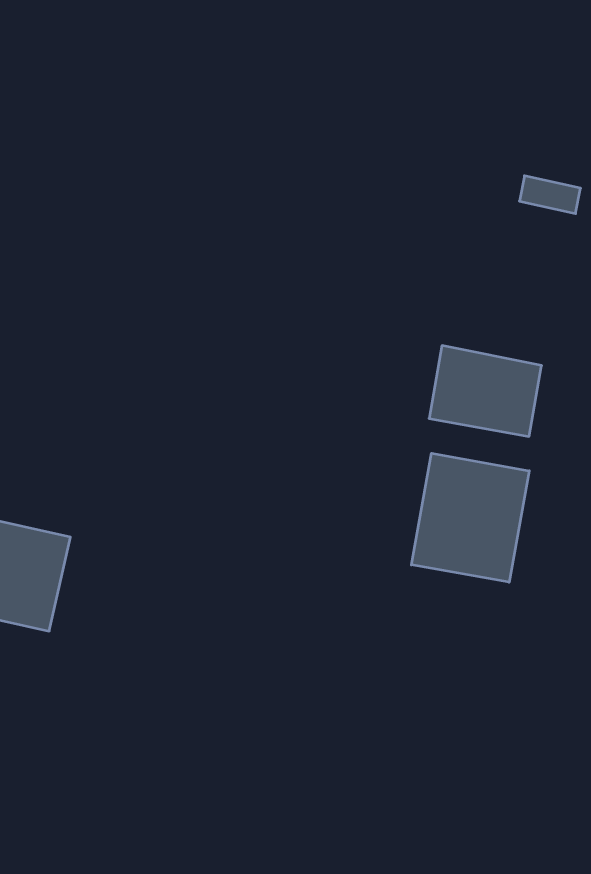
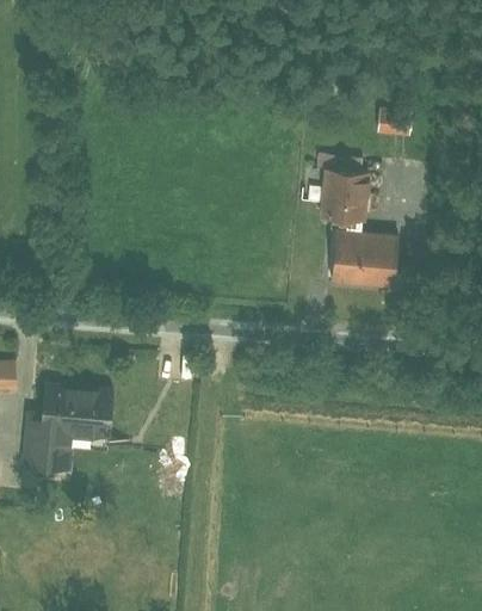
building: none -> [323,169,360,216]
building: [411,453,529,582] -> none

